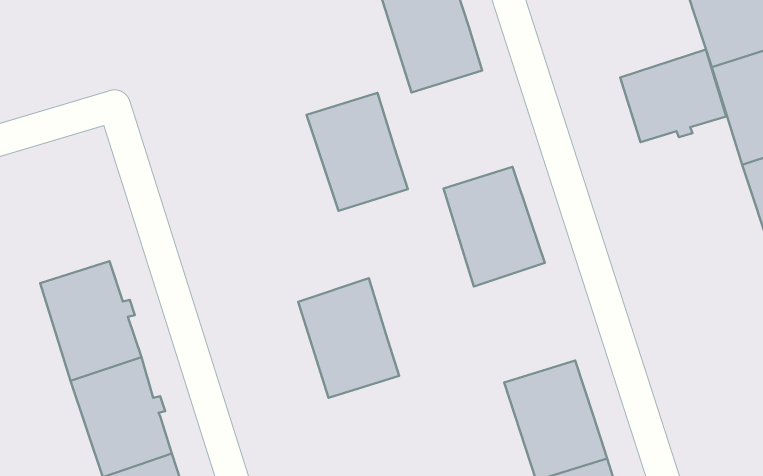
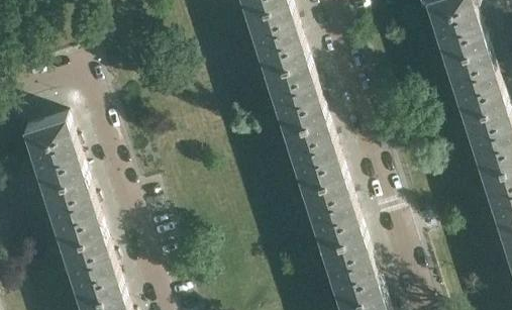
building: [620,49,726,142] -> none
building: [307,93,408,211] -> [264,64,324,134]
building: none -> [22,119,83,191]
building: [298,278,399,398] -> [301,179,362,250]

